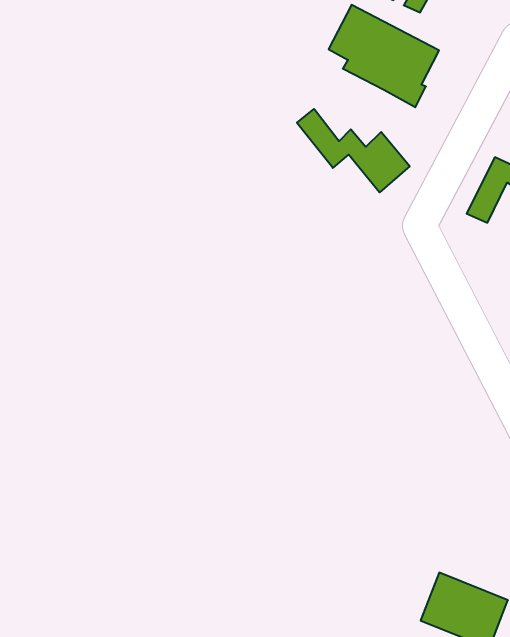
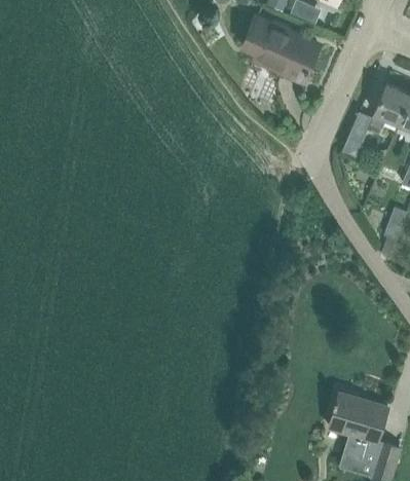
building: [297,109,410,192] -> none

